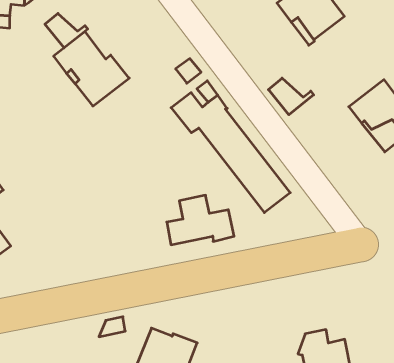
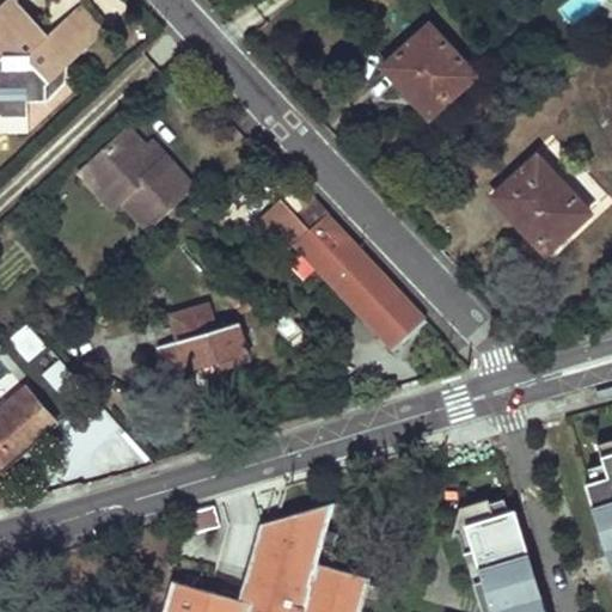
building: [45,13,88,48] -> none
building: [268,78,314,115] -> none
building: [167,195,234,245] -> [158,307,250,378]

